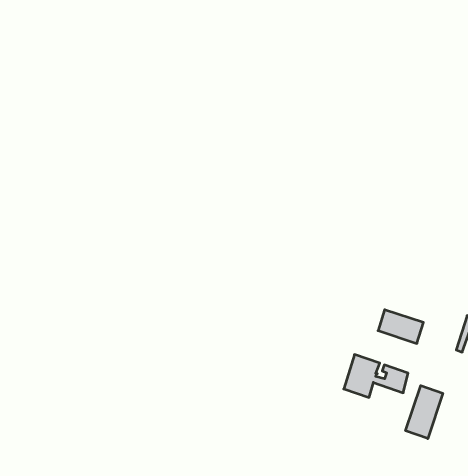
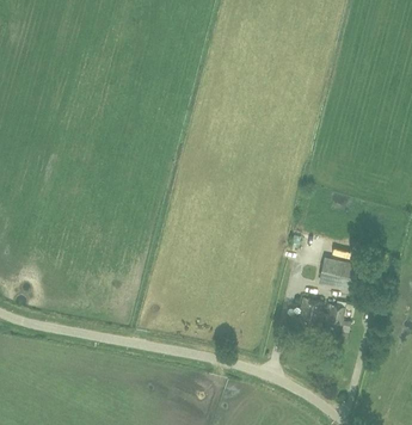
building: [406,386,443,439] -> none

